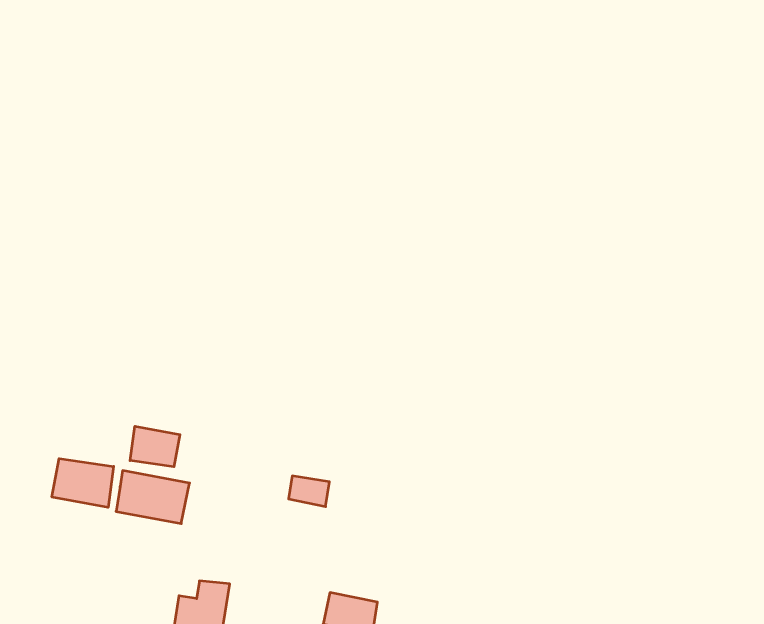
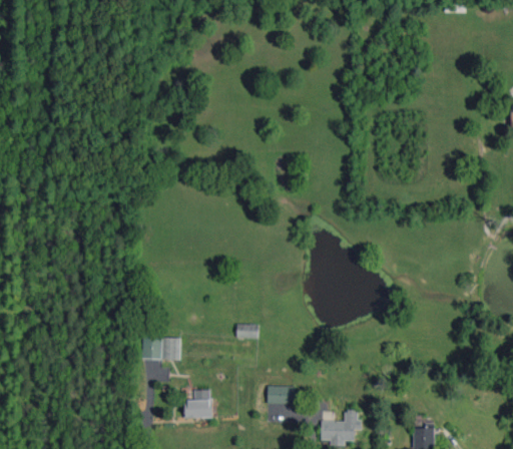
building: [130,426,180,467] -> none
building: [52,459,114,507] -> none

